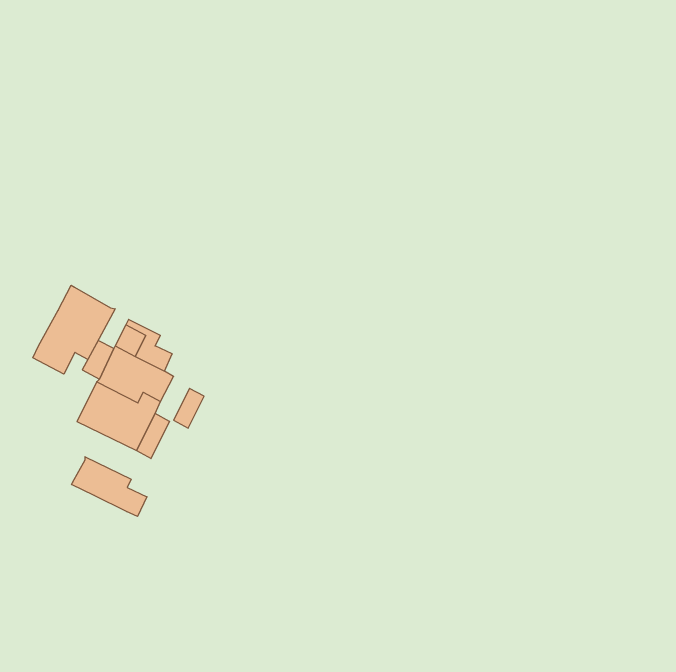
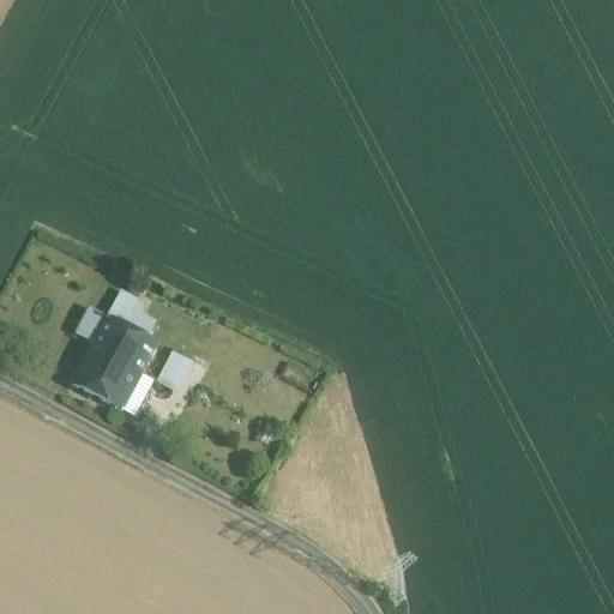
building: [33,285,115,374] -> none
building: [72,457,147,516] -> none

